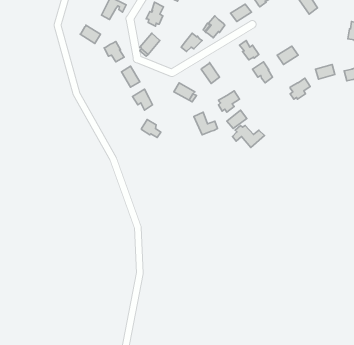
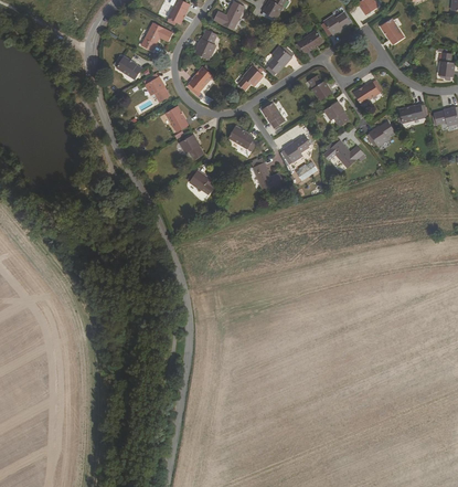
building: [232,125,264,147] -> [324,140,363,167]

